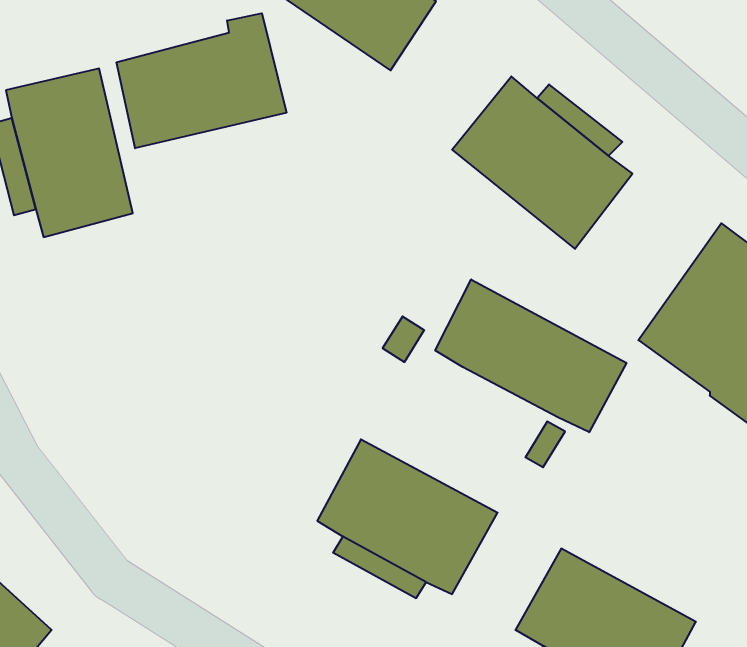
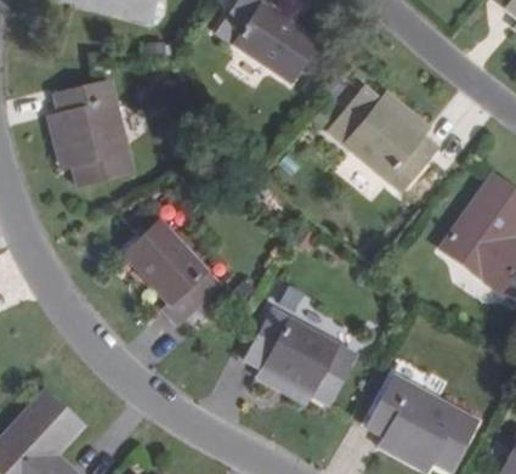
building: [117,13,286,148] -> none
building: [435,279,626,432] -> none
building: none -> [123,218,220,322]

